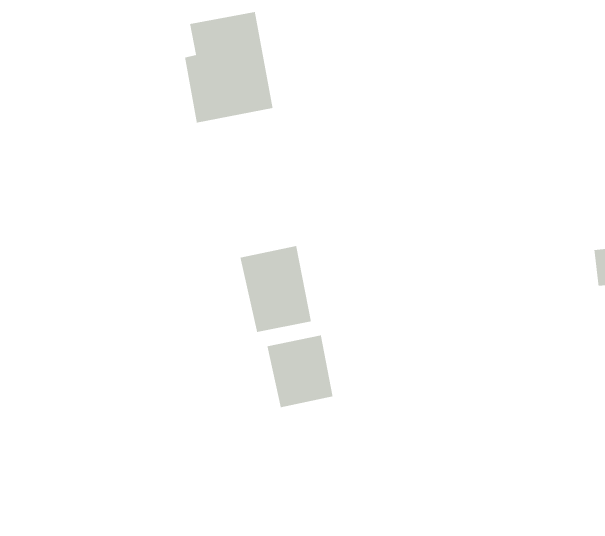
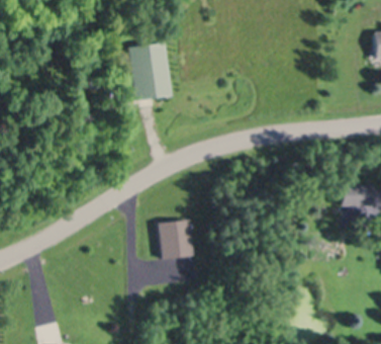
building: [240,245,312,333] -> none

